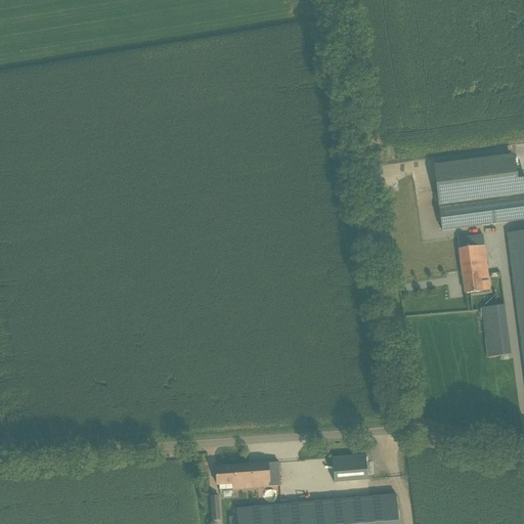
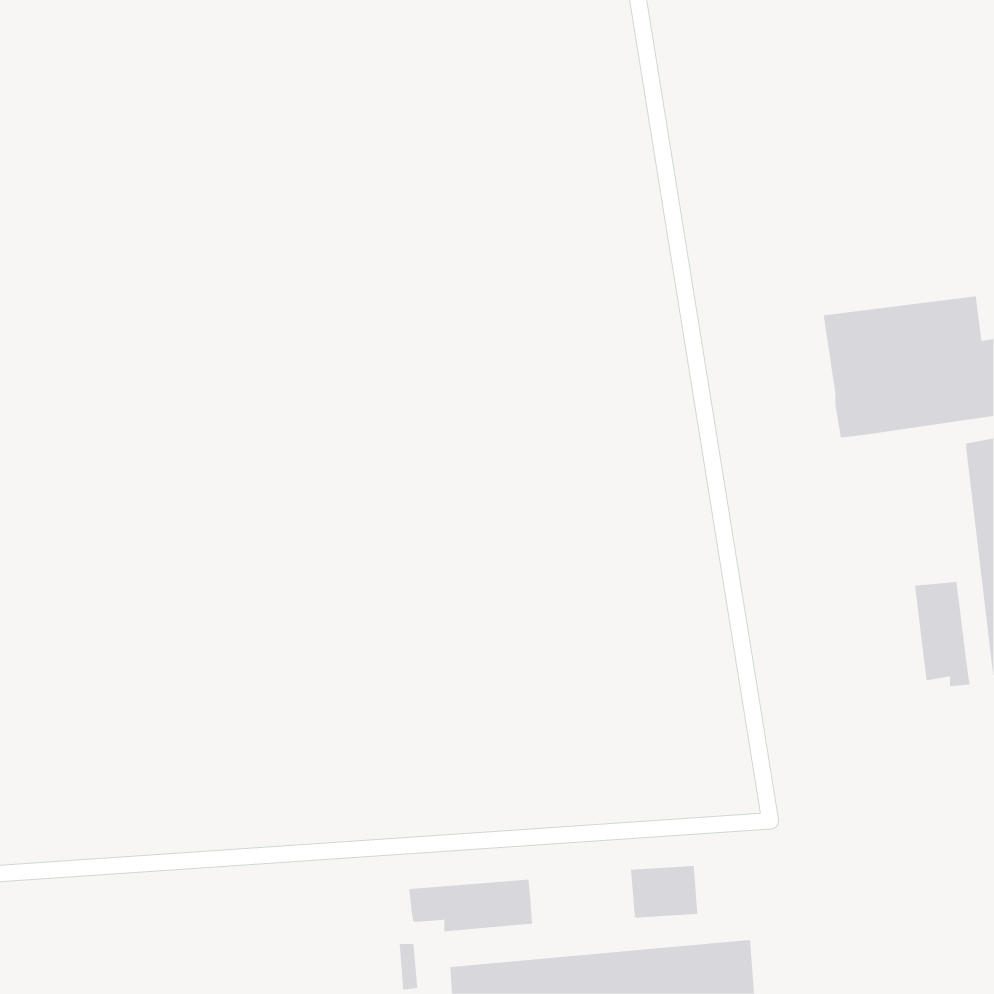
building: [457,235,488,294] -> none

